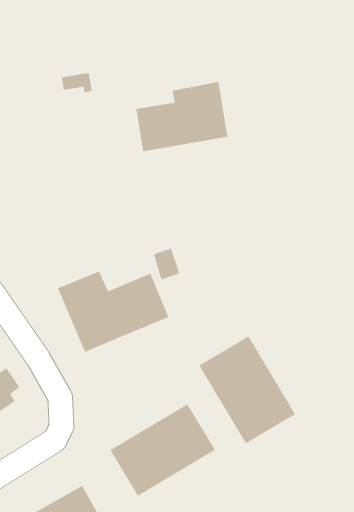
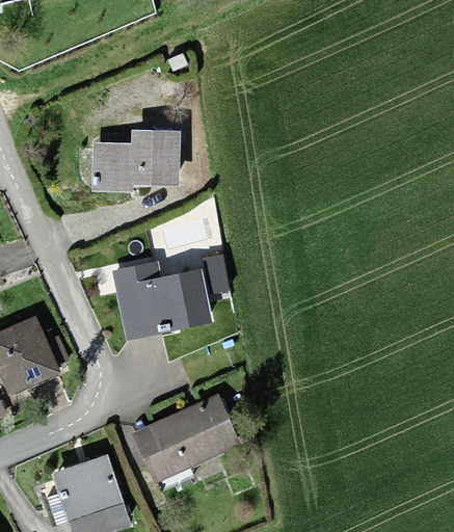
building: [135,82,228,152] -> [96,131,177,184]
building: [199,336,296,444] -> none

